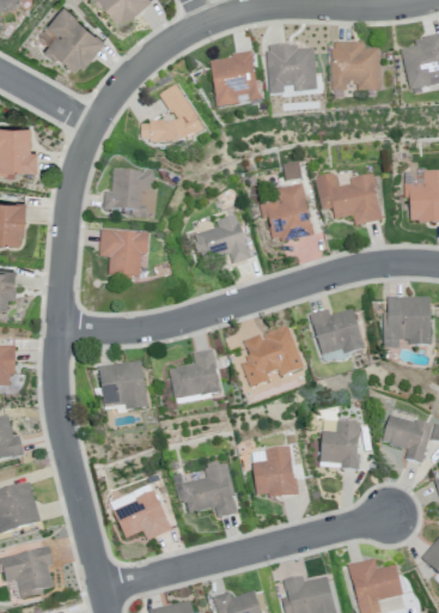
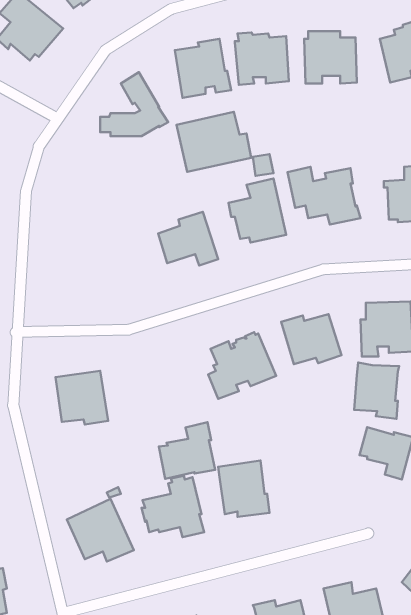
building: none -> [177,112,251,172]
building: [103,168,156,218] -> none
building: [98,229,148,279] -> none
building: [167,348,220,401] -> [159,422,215,479]
building: [319,418,361,471] -> [354,362,399,419]

